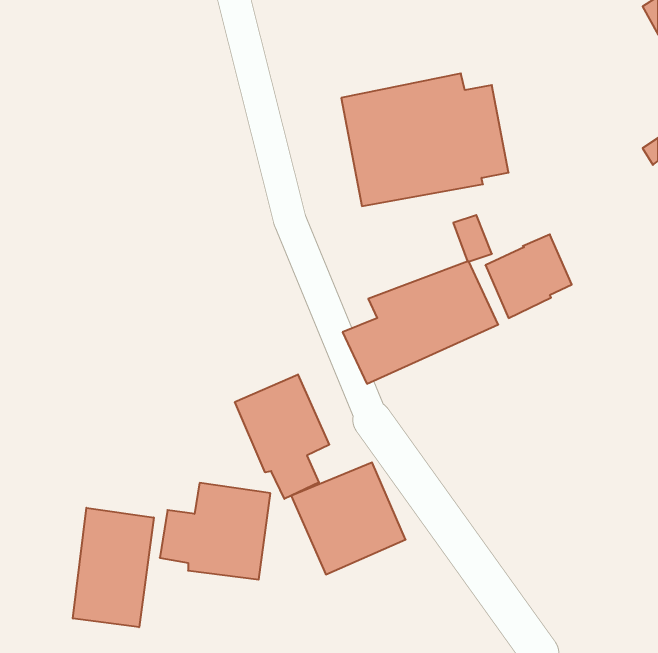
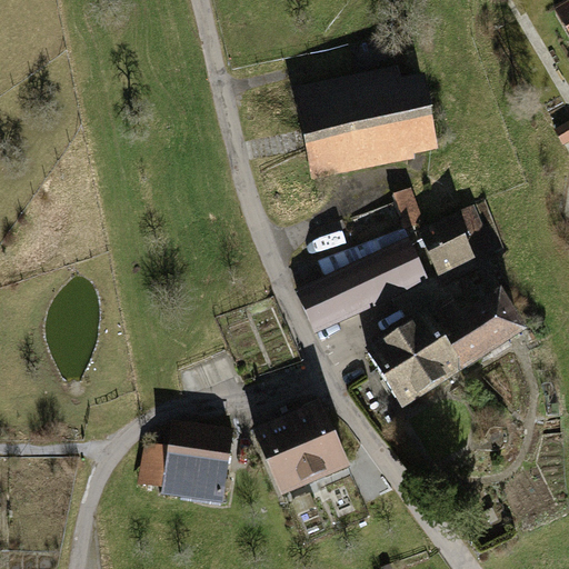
building: none -> [366,288,529,408]
building: [235,374,329,499] -> none
building: [73,508,154,627] -> none

